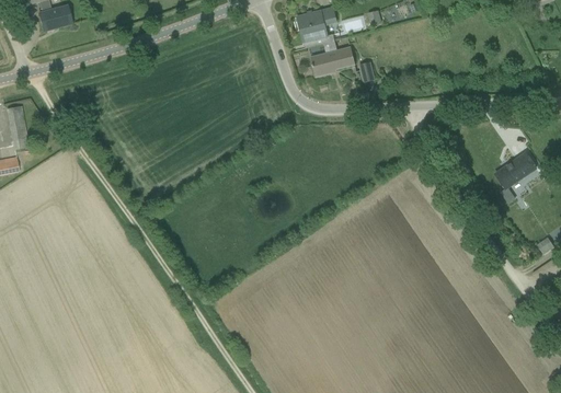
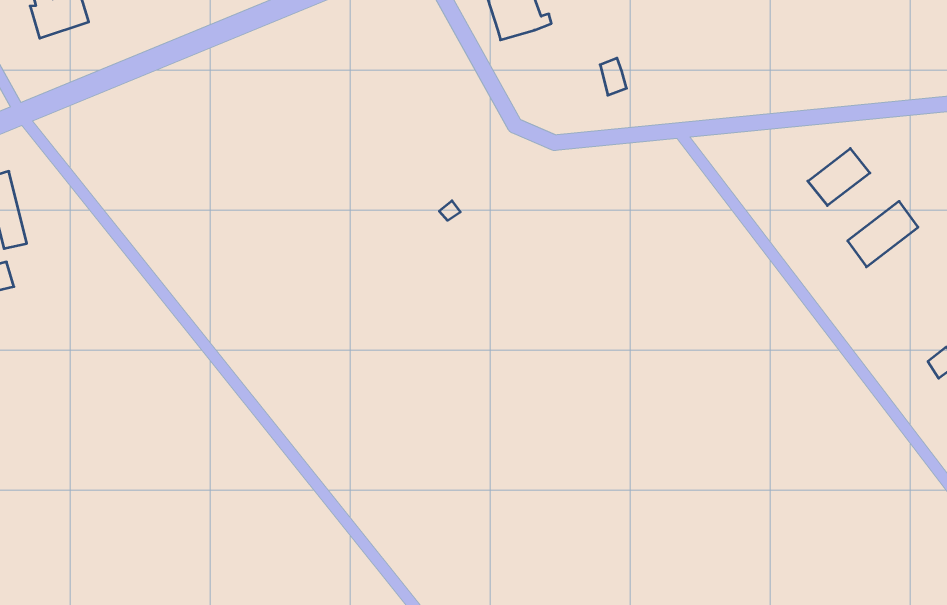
building: [310,39,354,76] -> none
building: none -> [808,148,870,206]

